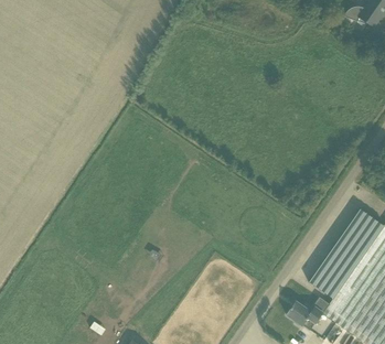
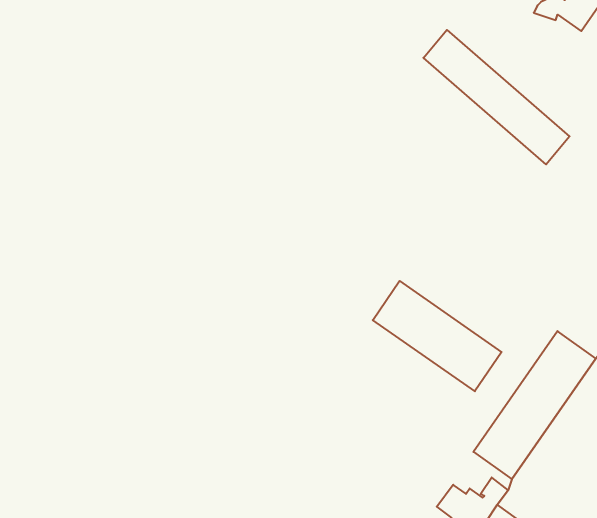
building: none -> [423,30,570,164]
building: none -> [373,281,502,391]

